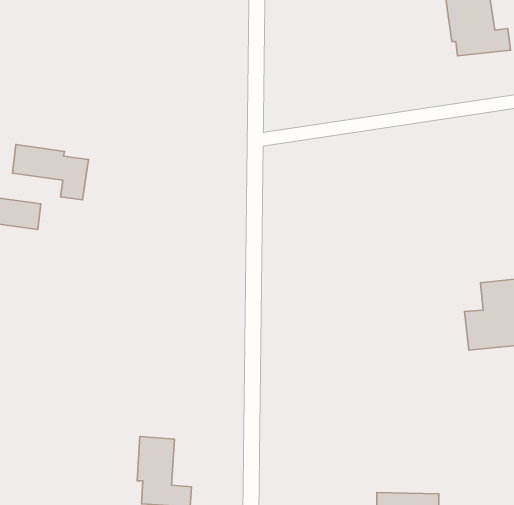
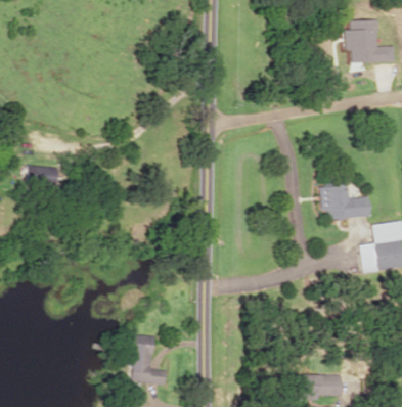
building: [13,145,88,200] -> none
building: none -> [321,175,370,220]

